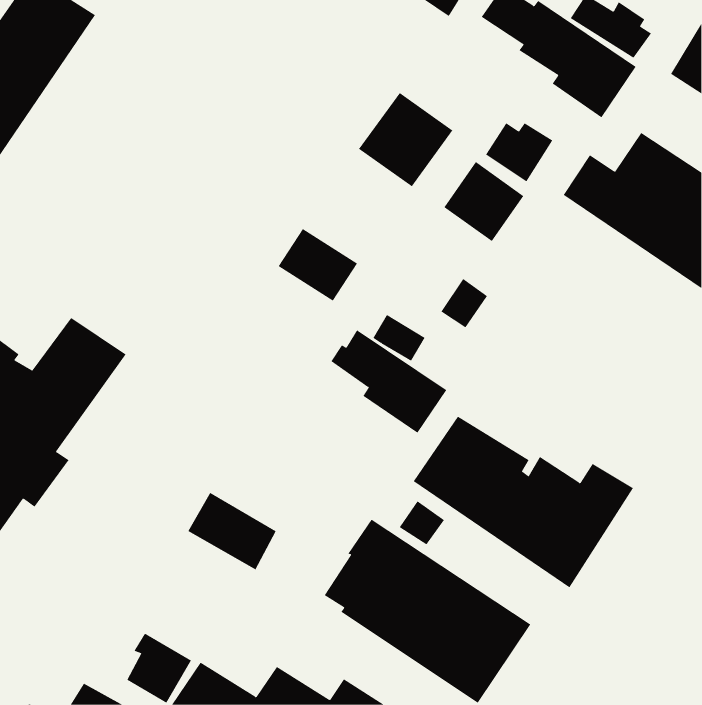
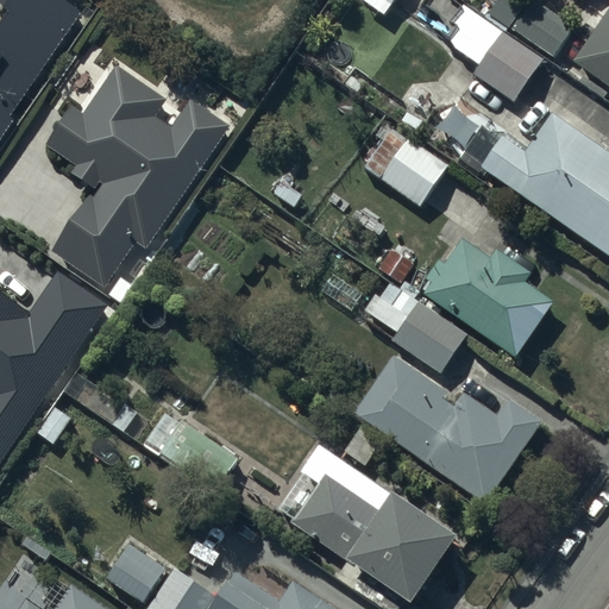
building: none -> [45,65,227,281]
building: [358,92,453,187] -> none
building: [278,228,358,301] -> none
building: none -> [423,238,558,359]
building: [330,329,447,433] -> [364,281,464,370]

